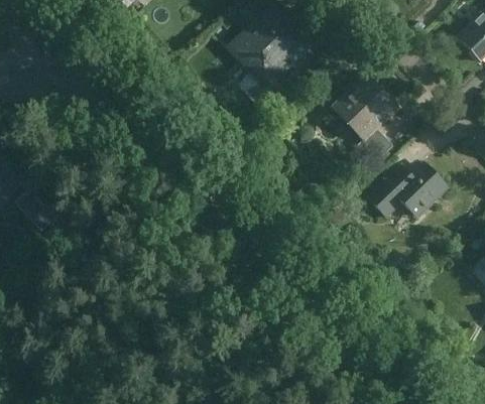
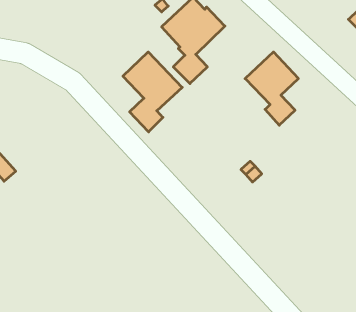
building: none -> [123,52,182,132]
building: [369,165,448,218] -> none

